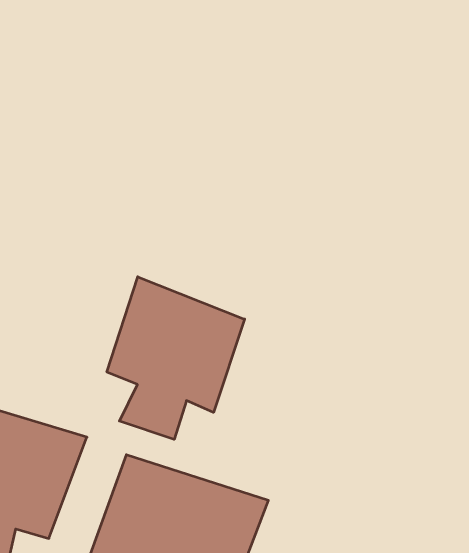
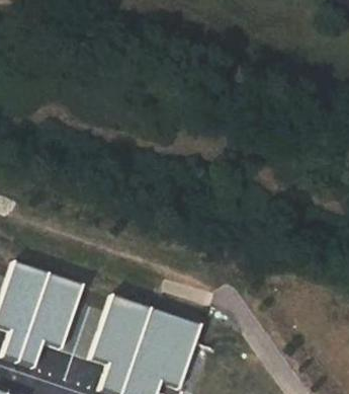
building: [107,277,245,439] -> none

